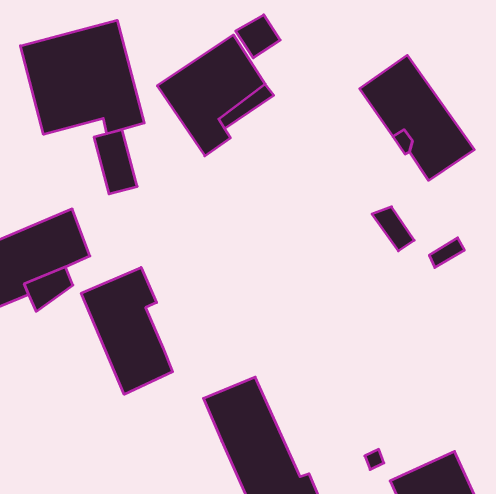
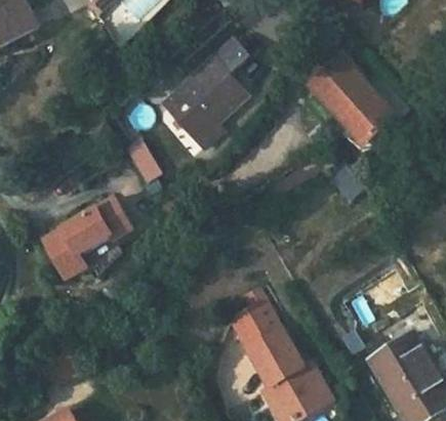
building: [20,20,144,134] -> none
building: [81,267,173,394] -> none

